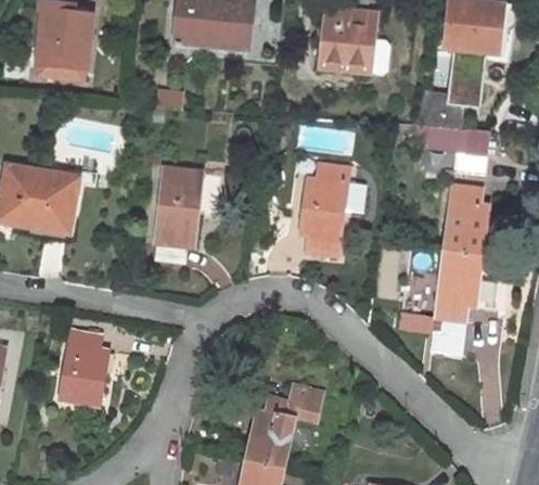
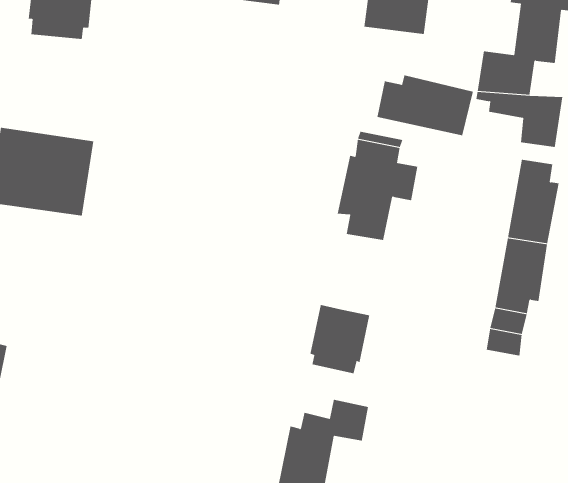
building: none -> [377,75,473,136]
building: [153,169,198,263] -> none
building: none -> [310,304,370,374]
building: [66,324,117,398] -> none

